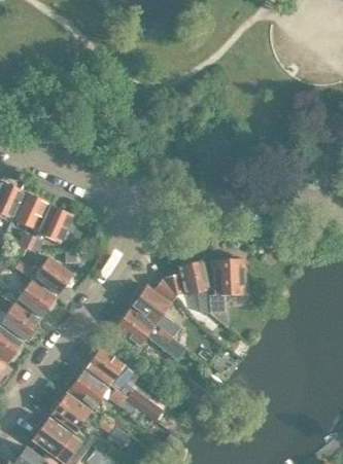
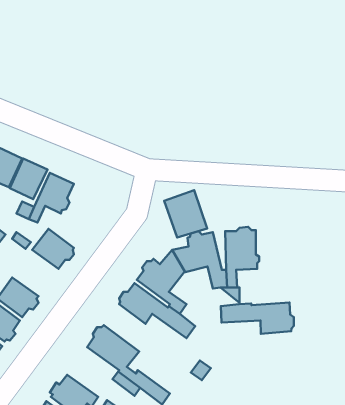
building: none -> [164,190,207,238]
building: [15,280,55,317] -> none
building: none -> [221,302,294,334]
building: [67,369,106,407] -> none

